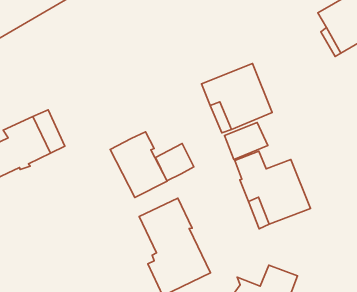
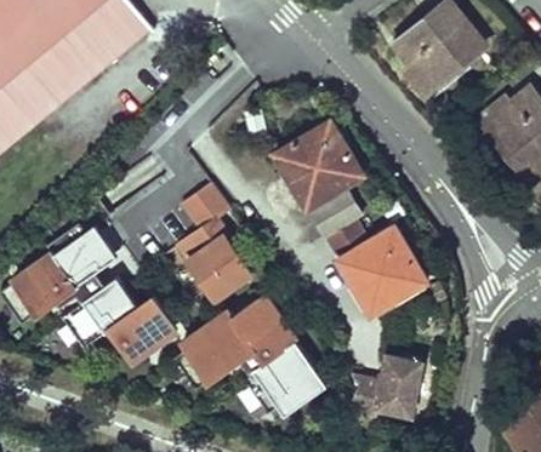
building: [155,143,194,181] -> [181,183,228,230]
building: none -> [59,276,181,368]
building: none -> [172,327,239,389]

